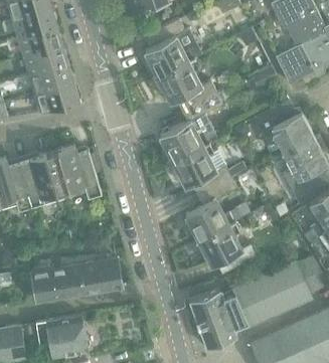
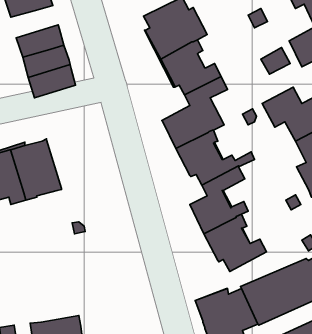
building: [17,26,61,56] -> none
building: [50,144,101,199] -> none
building: [29,258,122,303] -> none

